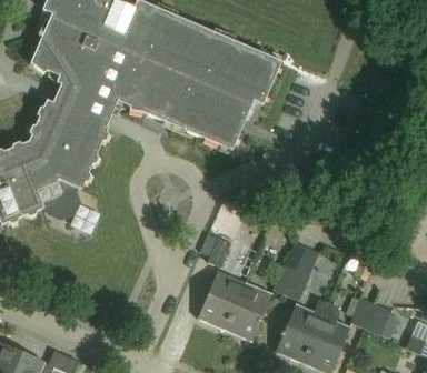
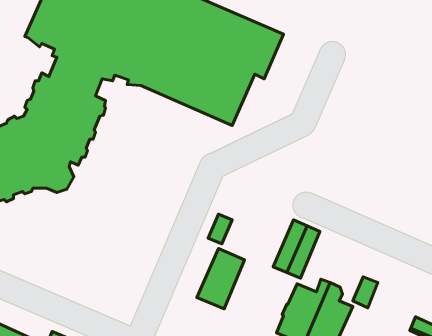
building: [224,281,271,341] -> none
building: [364,303,399,339] -> none

